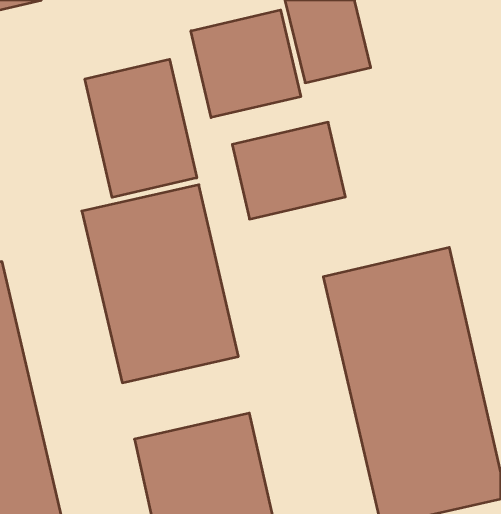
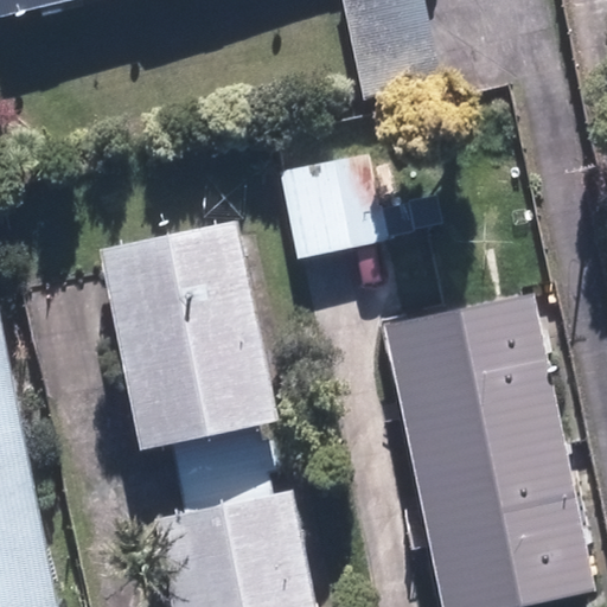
building: [191,10,301,118] -> none
building: [85,59,197,197] -> none

